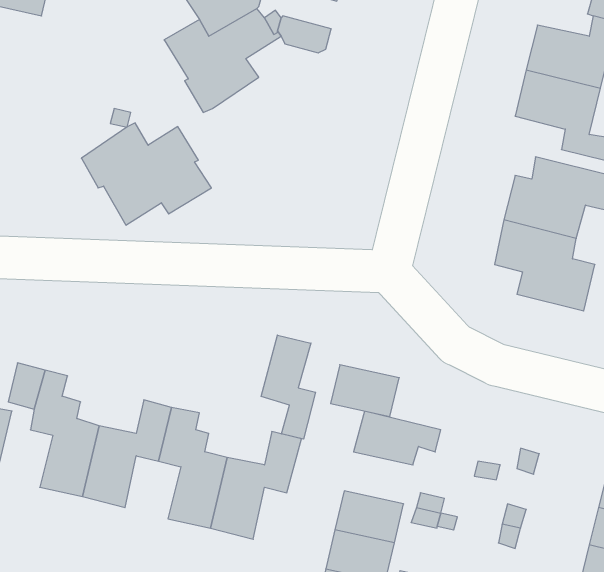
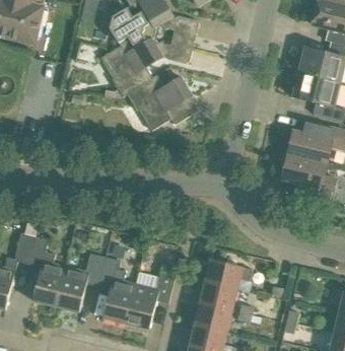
building: [81,123,211,225] -> [127,74,198,130]
building: [261,335,316,439] -> none
building: [331,365,399,417] -> [199,281,236,309]

